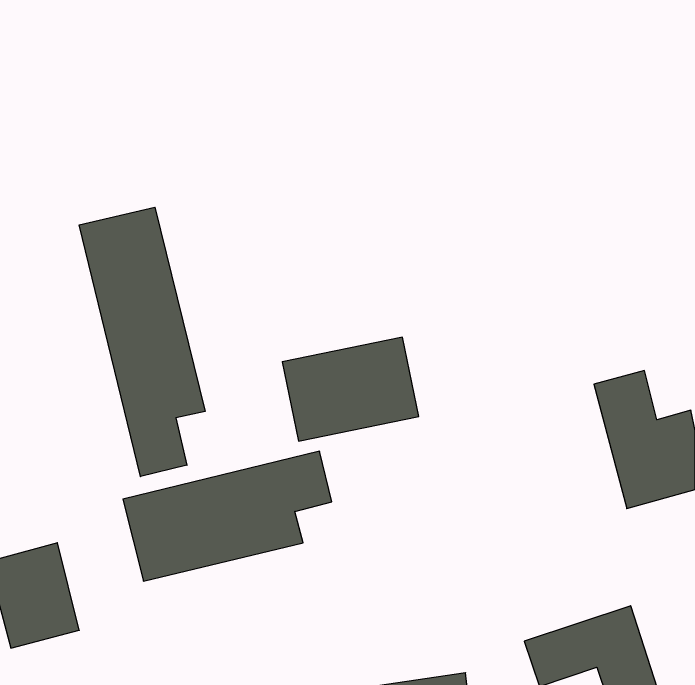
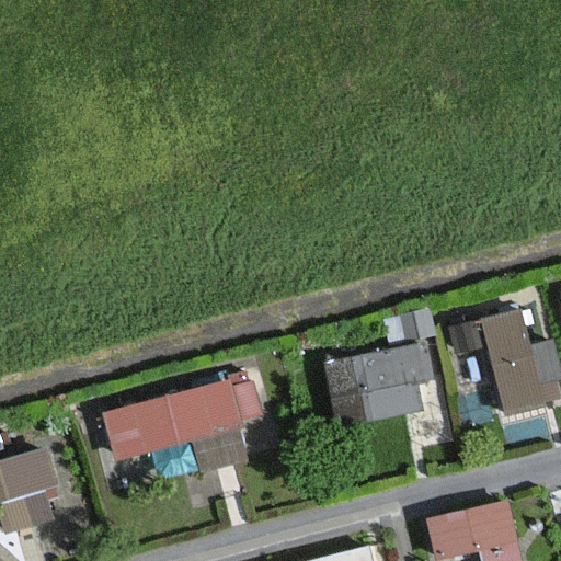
building: [79,207,205,477] -> none
building: [282,337,419,441] -> [324,343,434,426]

